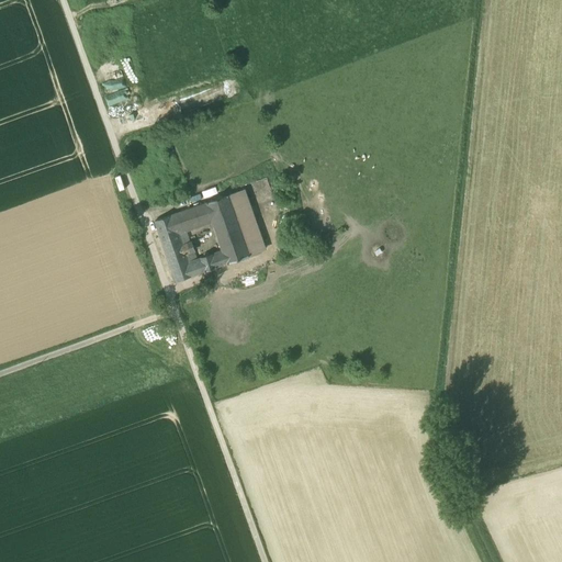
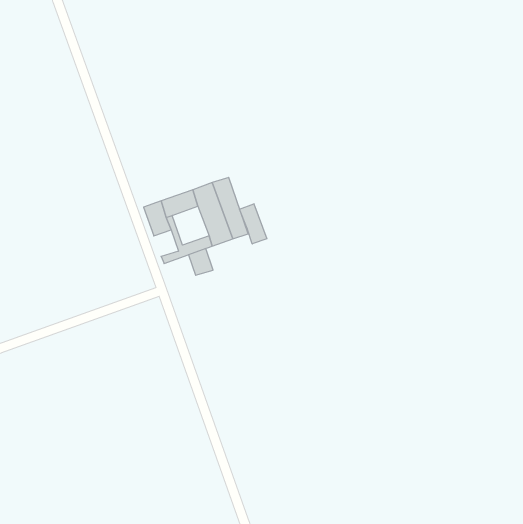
building: none -> [240,204,267,244]
building: [165,246,191,274] -> [188,249,213,275]

